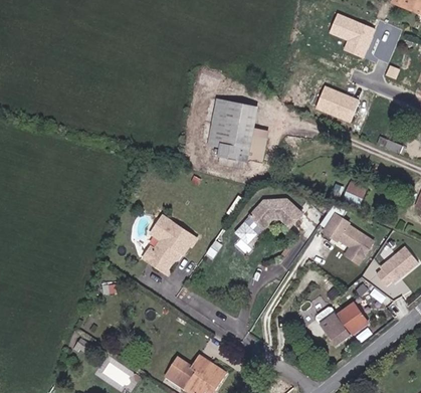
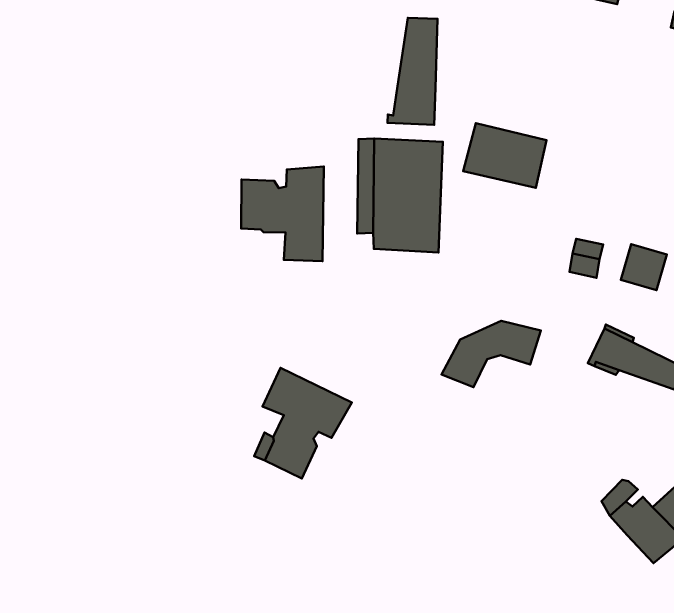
building: none -> [387,18,437,125]
building: [314,84,359,122] -> [463,123,546,188]
building: none -> [241,166,324,261]

